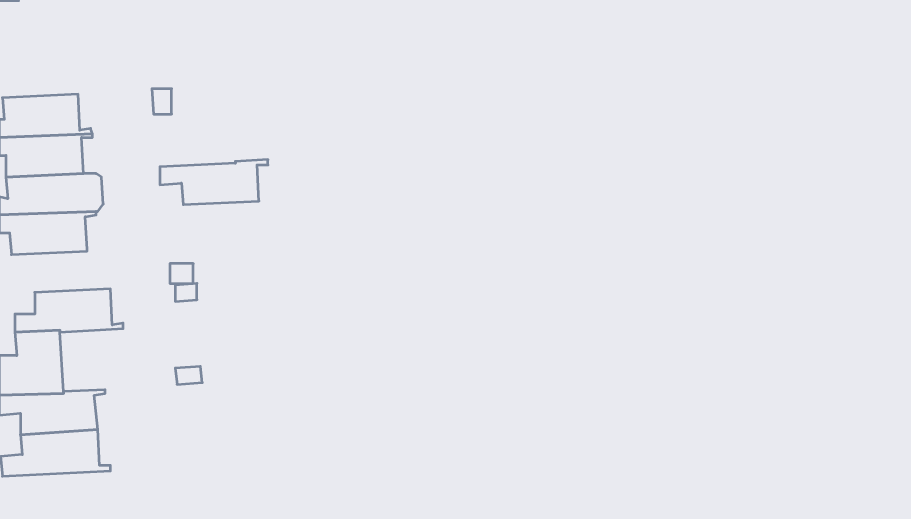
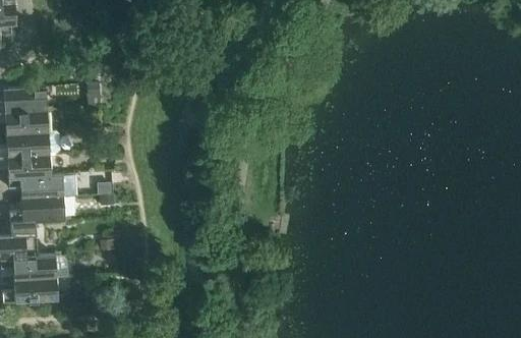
building: [160,160,268,205] -> [7,175,68,201]

